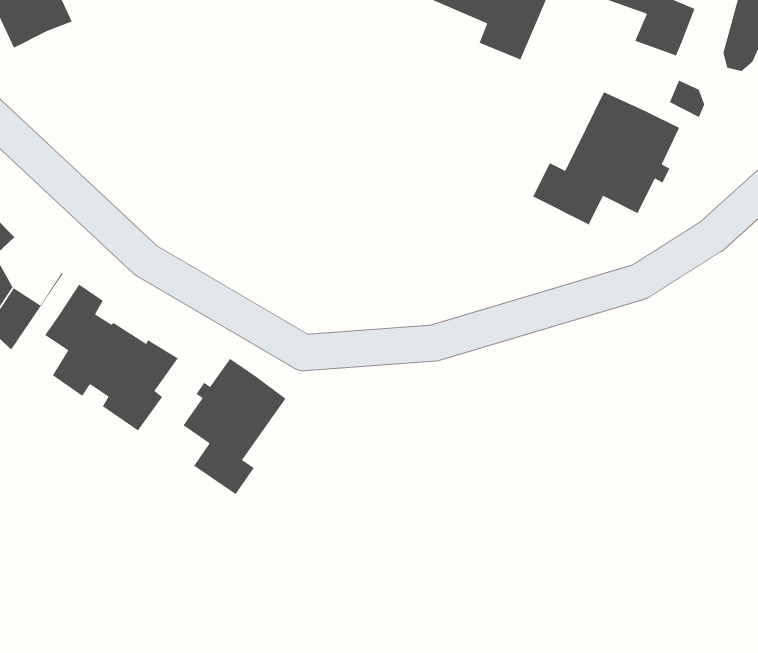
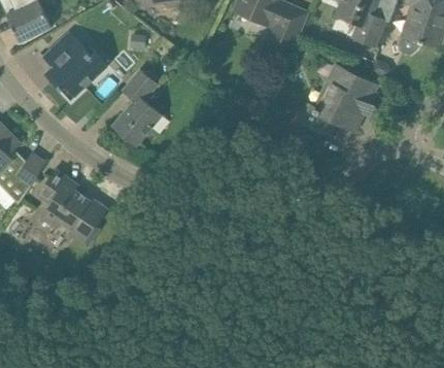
building: none -> [43,32,108,101]
building: none -> [111,69,163,146]
building: [183,358,286,495] -> none

